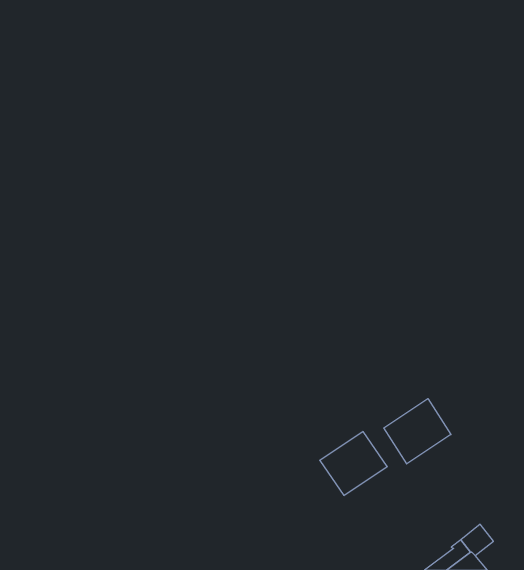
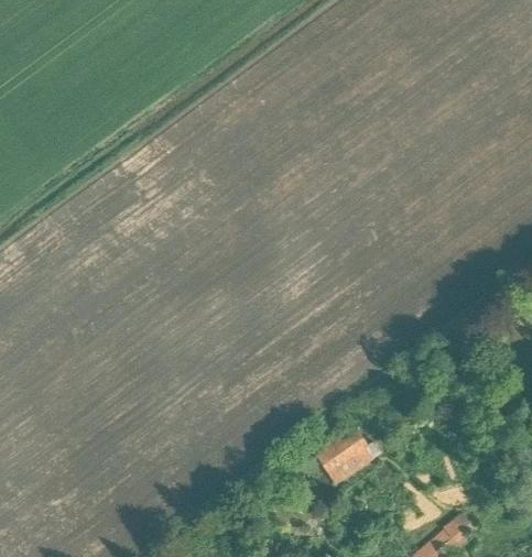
building: [384,399,451,464] -> none

